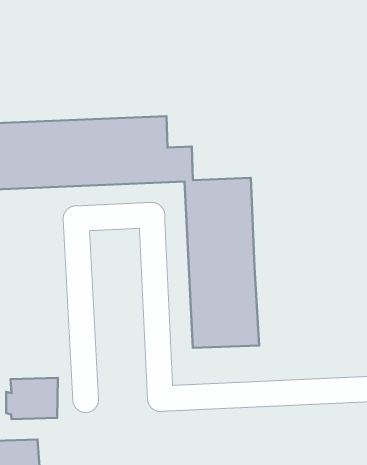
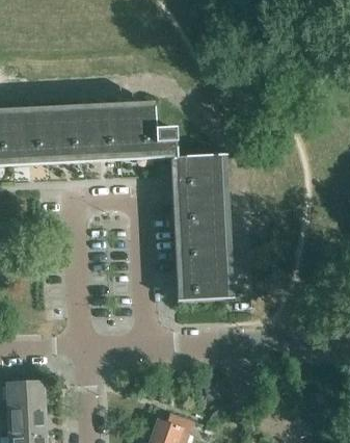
building: [6,378,58,419] -> none

